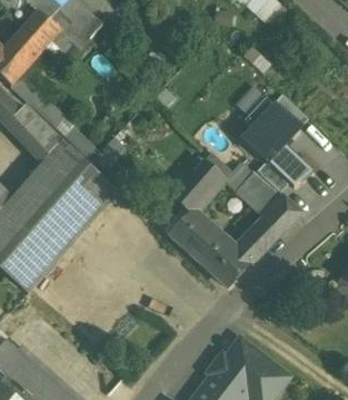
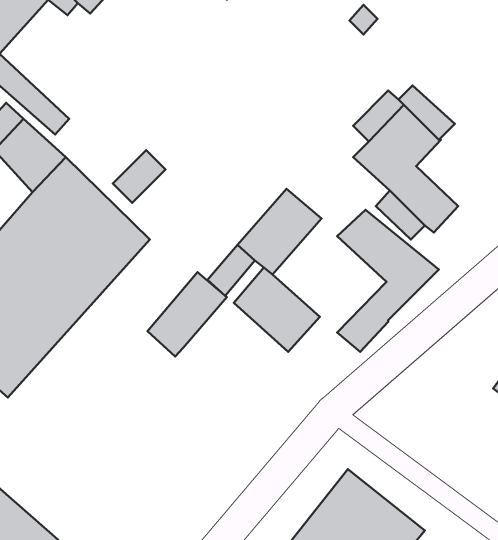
building: none -> [148,272,227,356]
building: [203,240,249,283] -> none

